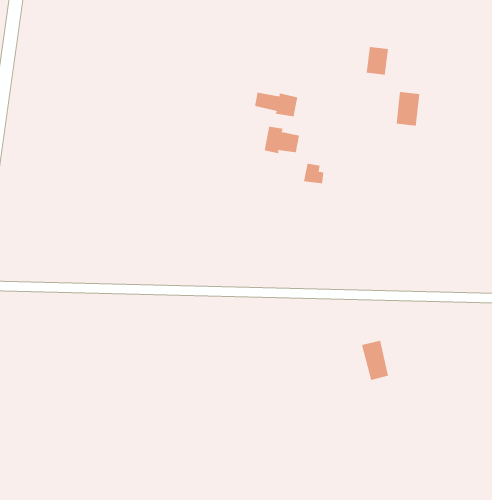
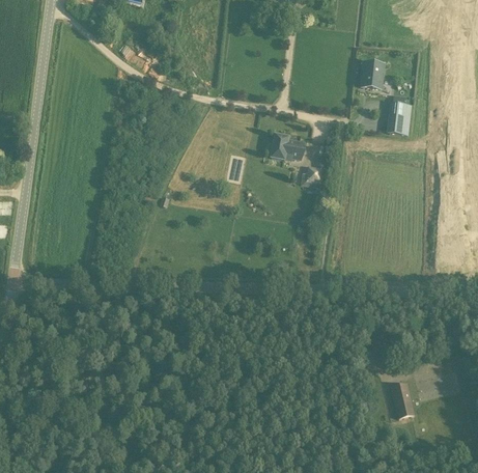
building: [255,92,298,117] -> none
building: [361,340,389,381] -> [389,380,414,416]

